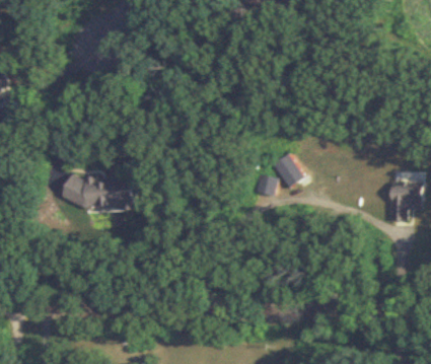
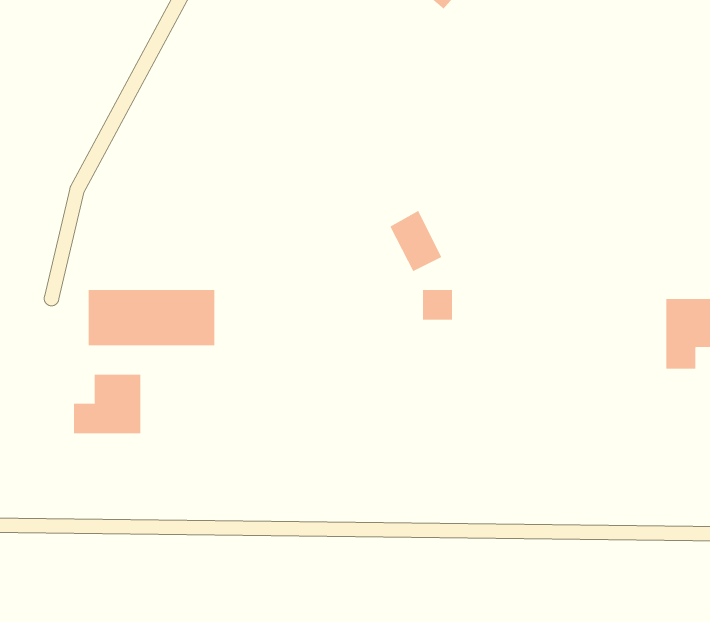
building: [271,153,300,188] -> [389,210,442,272]
building: none -> [74,374,141,434]

